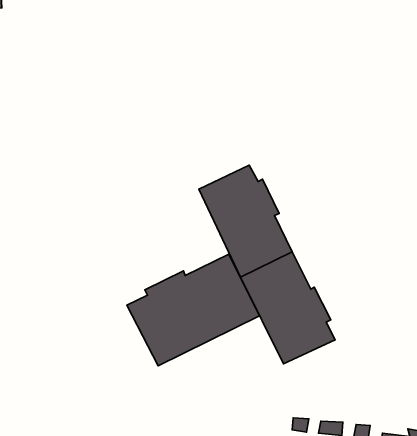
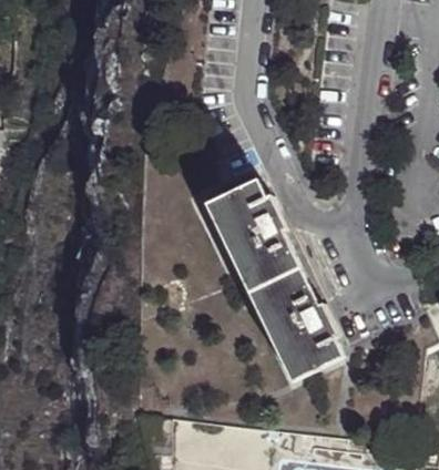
building: [127,254,260,366] -> none

